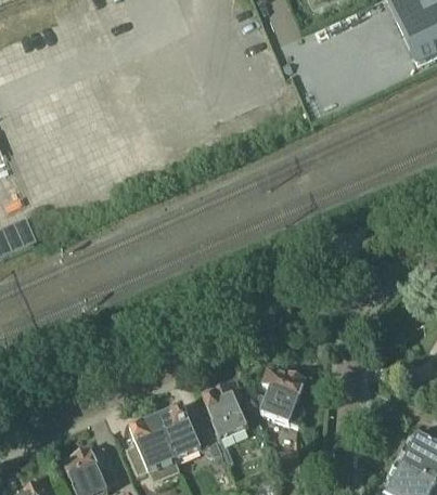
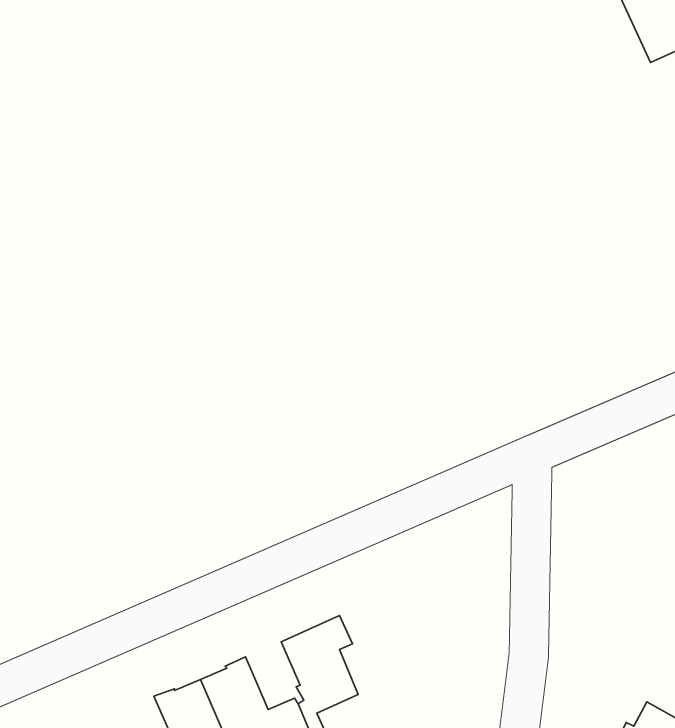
building: [252,367,305,425] -> none

